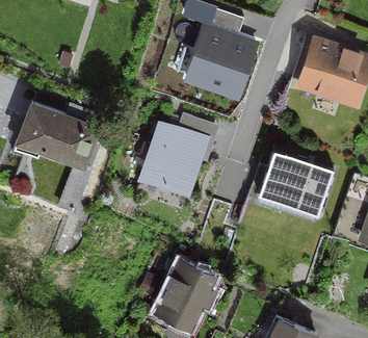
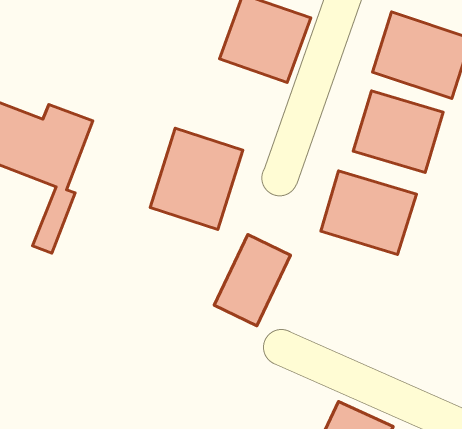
building: none -> [353,91,443,172]
building: [156,264,210,329] -> [214,234,291,326]

